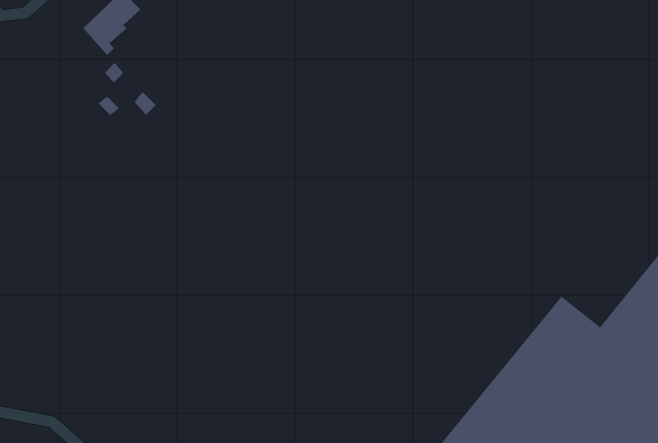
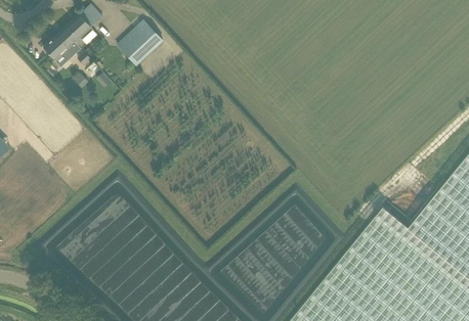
building: none -> [118,20,164,65]
building: none -> [44,30,82,66]

